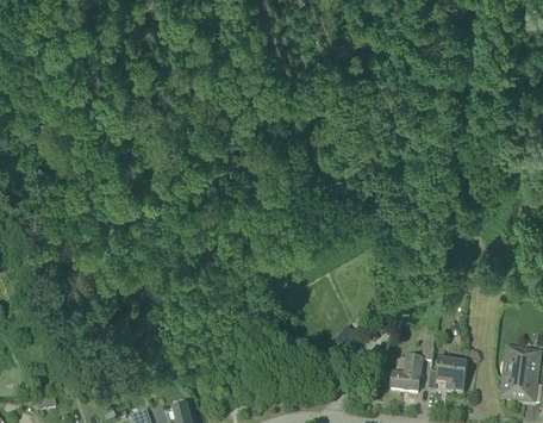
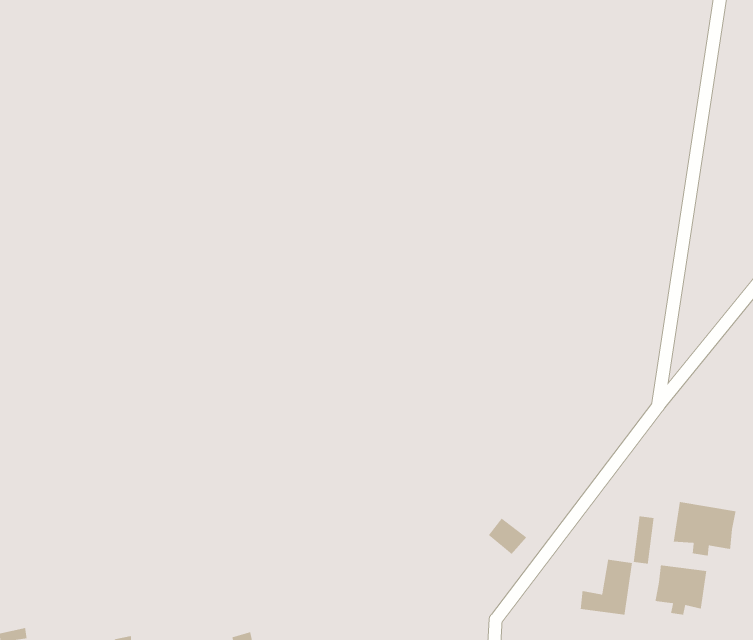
building: none -> [673,501,736,557]

